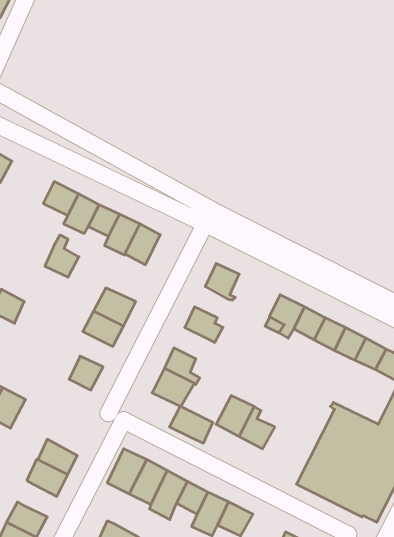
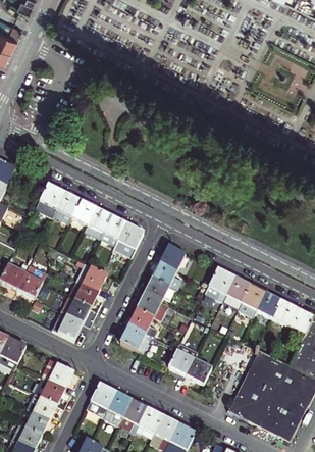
building: none -> [113,222,144,257]
building: [45,235,79,277] -> [17,265,43,297]
building: none -> [152,261,181,289]
building: none -> [60,295,91,321]
building: [169,406,213,443] -> [137,292,169,319]
building: none -> [42,358,73,388]
building: none -> [23,407,49,434]

